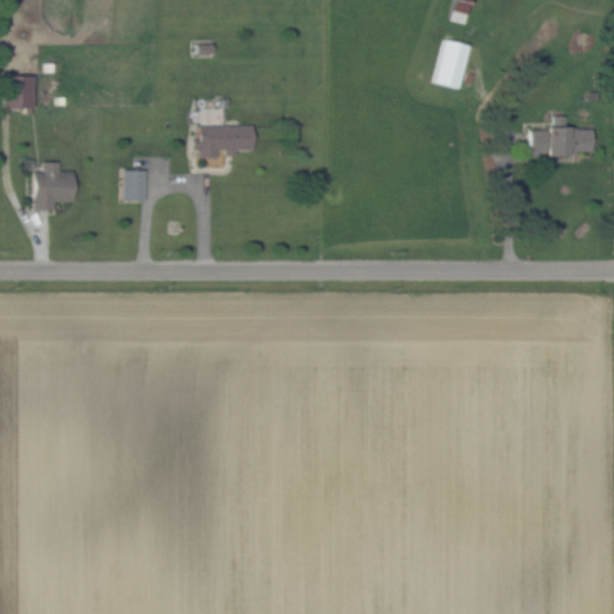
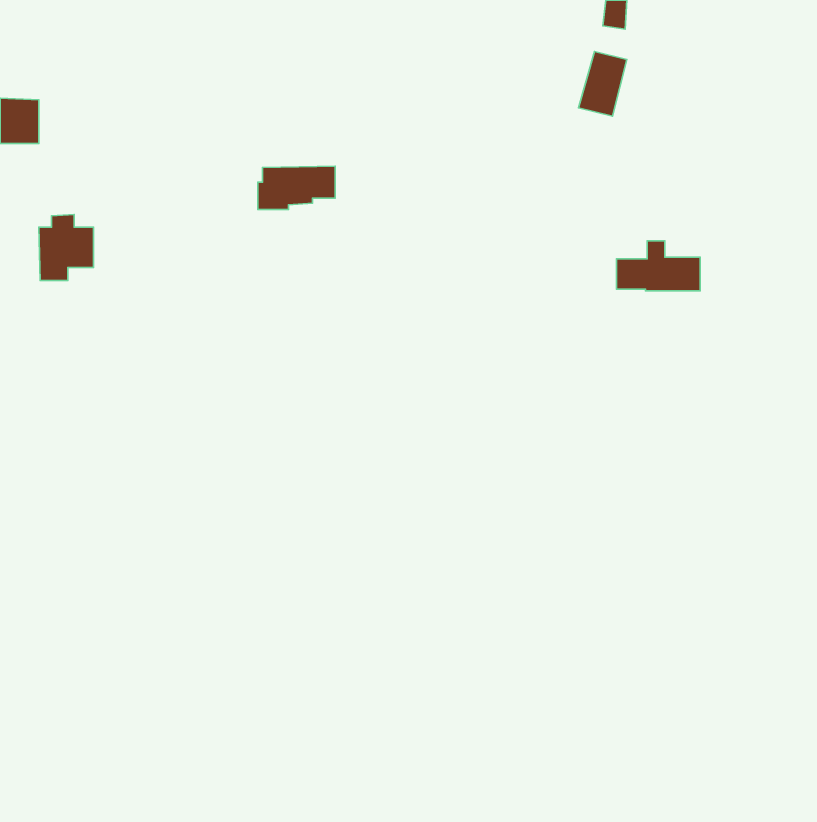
building: [531,116,594,154] -> [616,241,700,291]
building: [125,169,148,200] -> none

